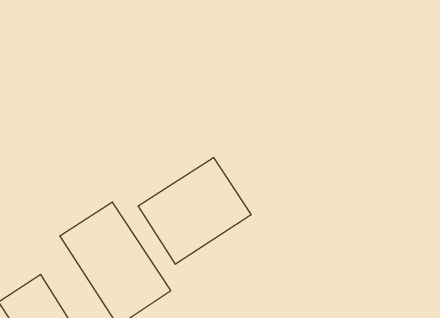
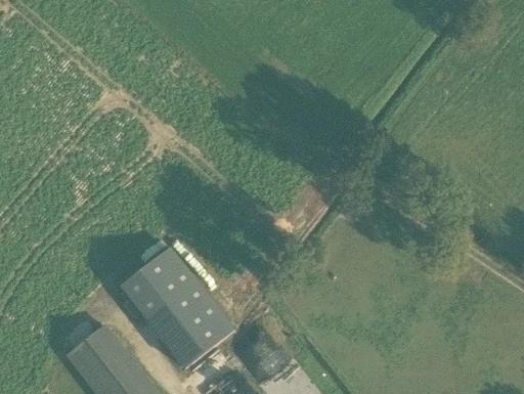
building: [138,157,251,264] -> none

